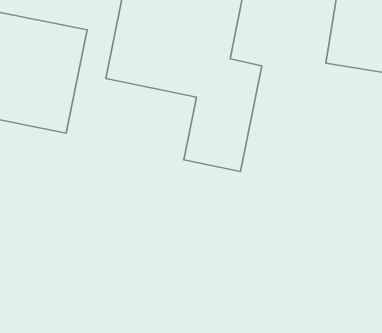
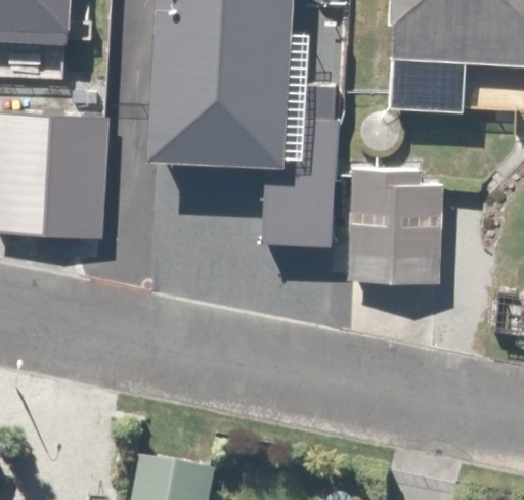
building: none -> [343,170,447,281]

